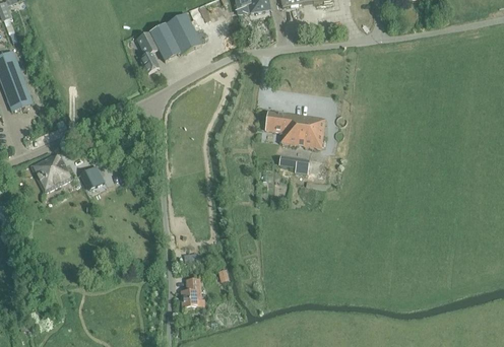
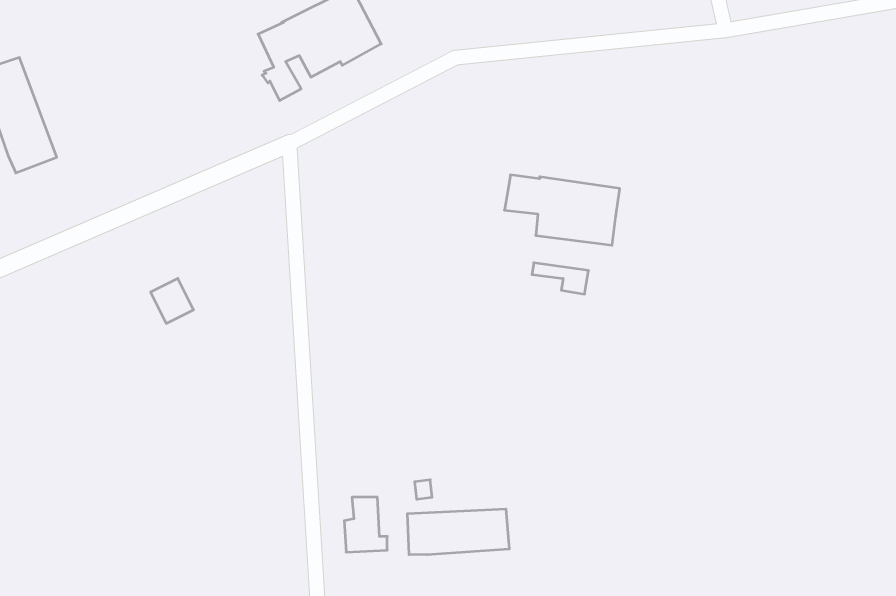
building: [30,153,73,192] -> none
building: none -> [407,509,509,555]

